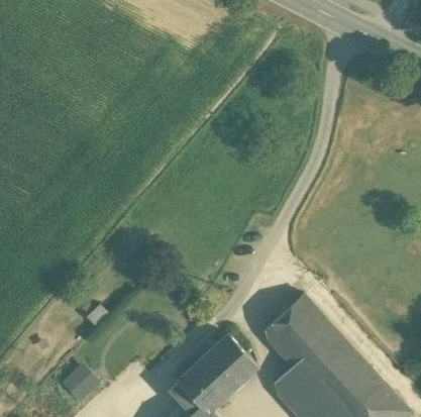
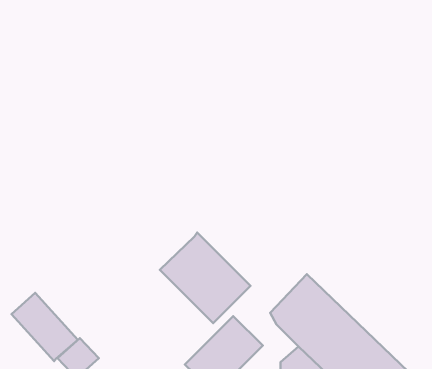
building: none -> [160,233,251,323]
building: none -> [12,293,78,361]

